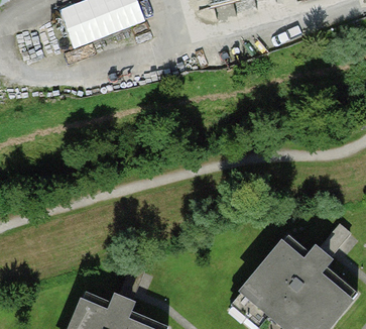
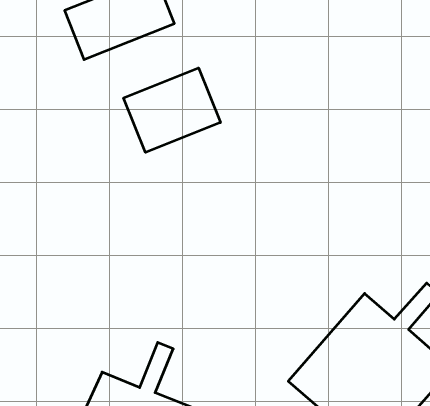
building: none -> [124,68,220,152]

